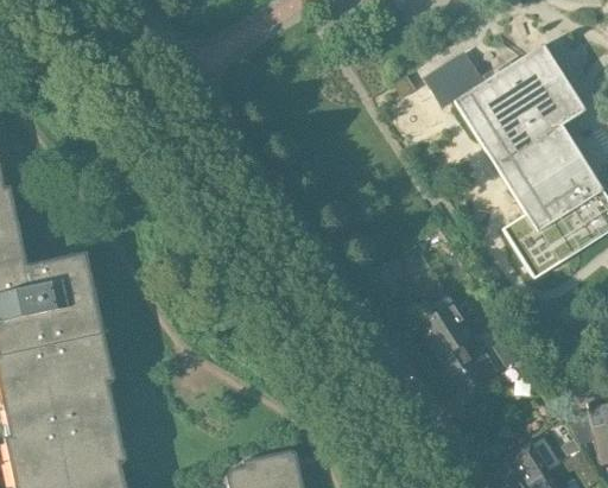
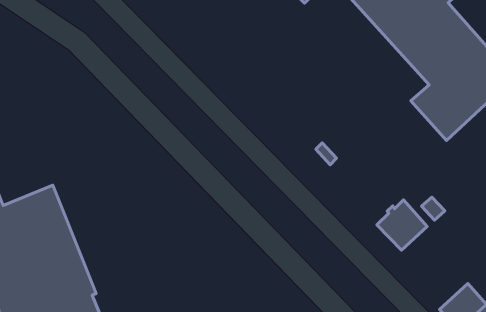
building: [419,297,475,361] -> none

